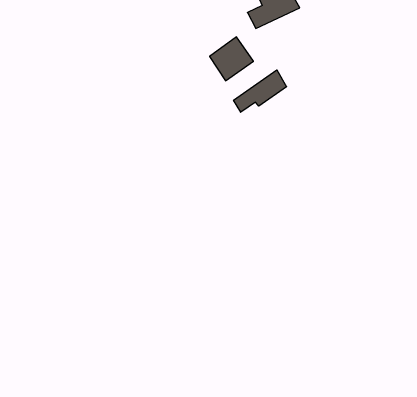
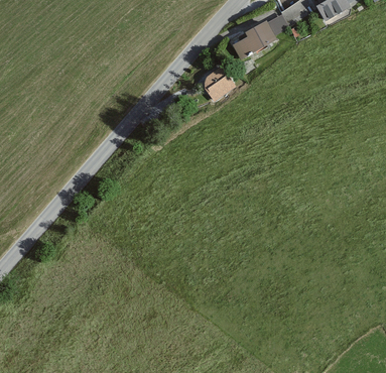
building: [234,70,287,112] -> none

